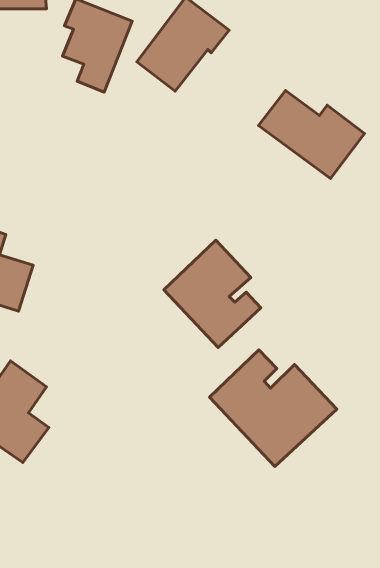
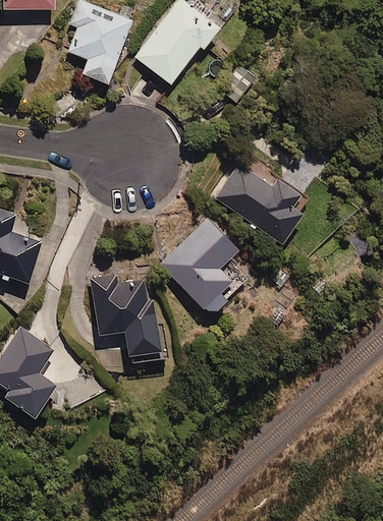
building: [258,91,365,179] -> [216,165,312,244]
building: none -> [88,256,168,364]
building: [210,350,337,467] -> none

